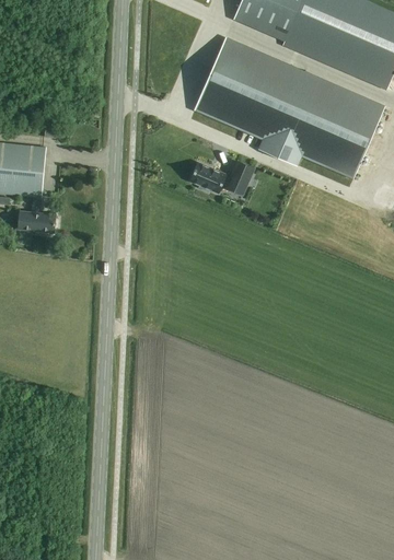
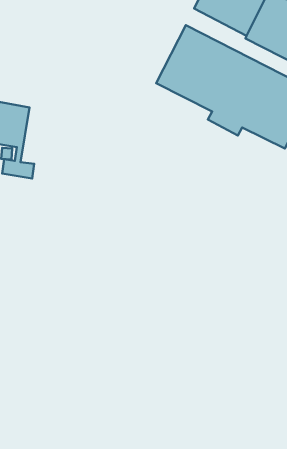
building: [188,159,252,188] -> none

